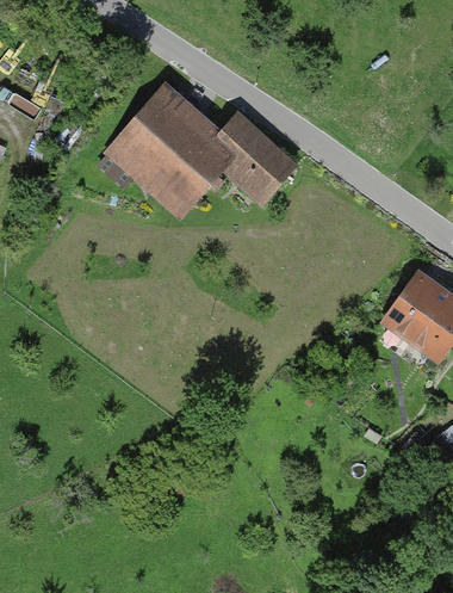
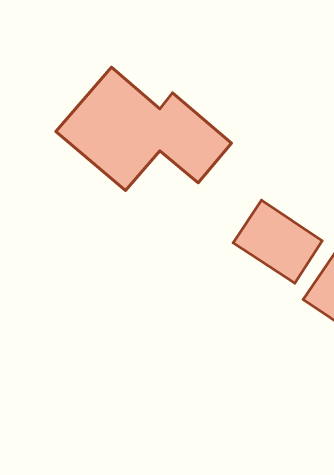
building: none -> [233,200,322,283]

